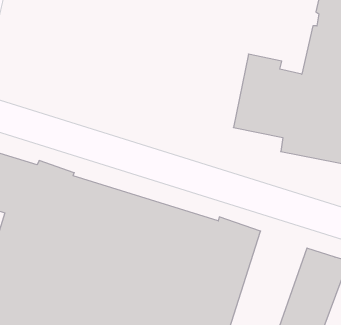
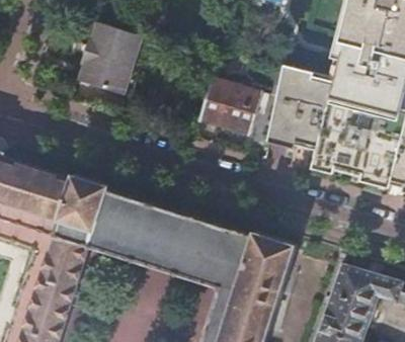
building: none -> [80,24,143,97]
building: none -> [200,79,263,134]

